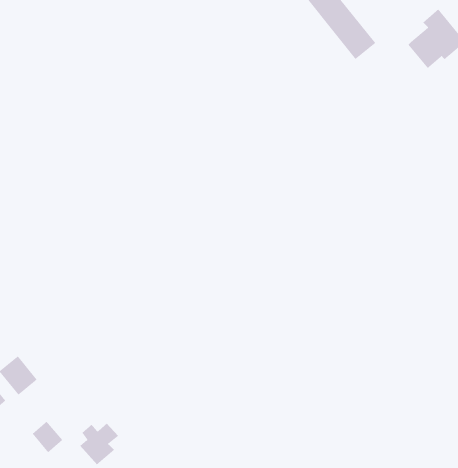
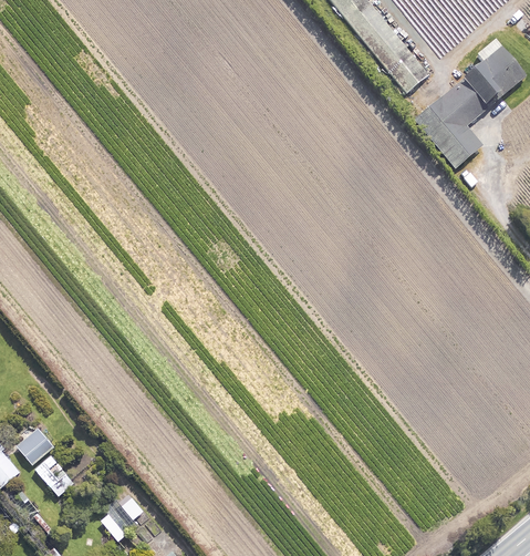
building: none -> [414,79,487,167]
building: [32,421,63,453] -> [35,454,70,490]

